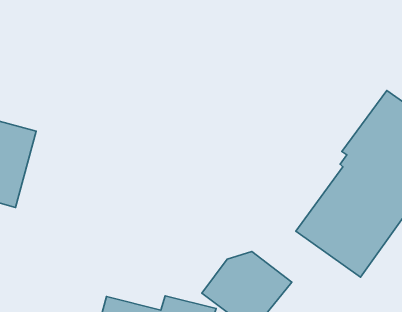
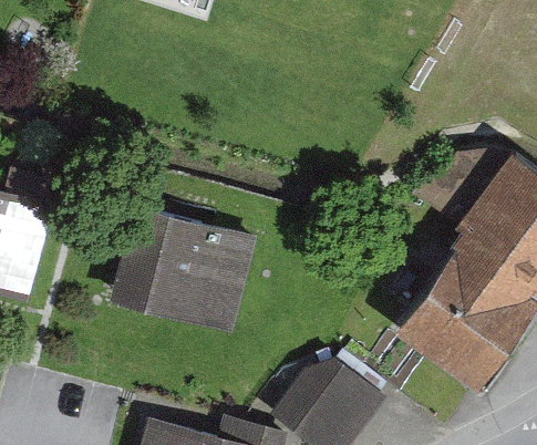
building: none -> [110,201,258,330]

